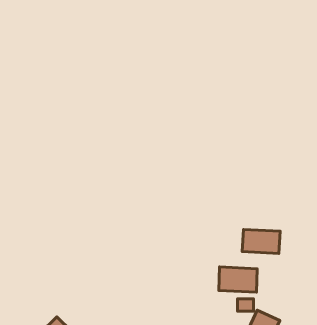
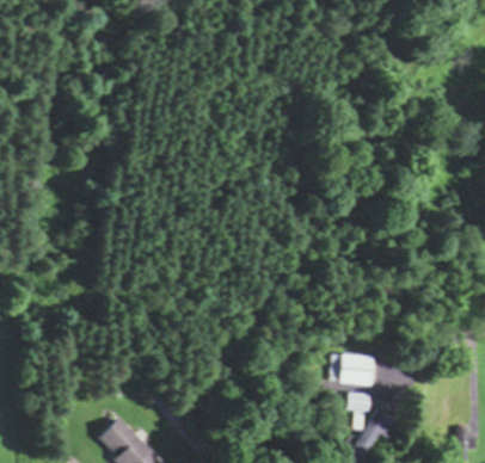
building: [242,229,280,253] -> none

